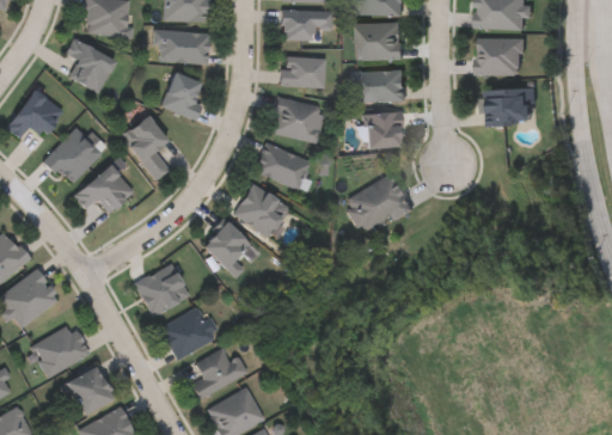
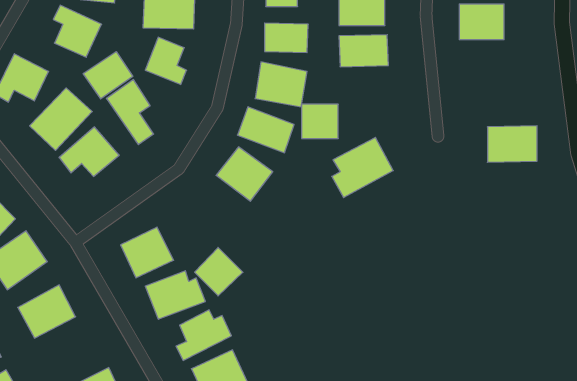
building: none -> [83,52,133,99]
building: [484,88,534,125] -> [487,126,537,162]
building: [365,114,402,148] -> [302,104,338,138]
building: [201,220,250,269] -> [195,247,243,296]
building: [69,366,115,413] -> none

